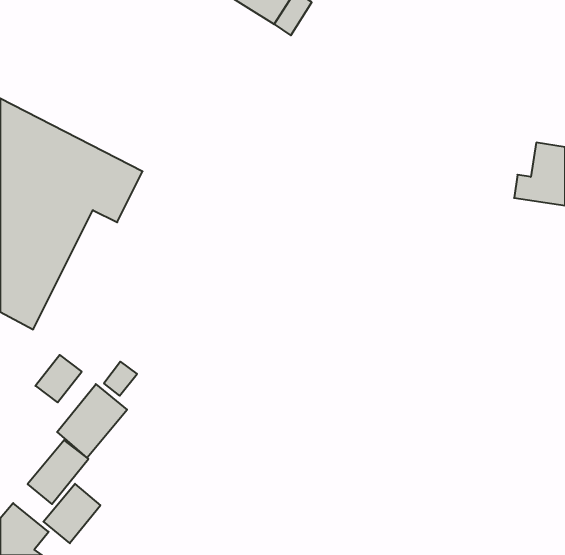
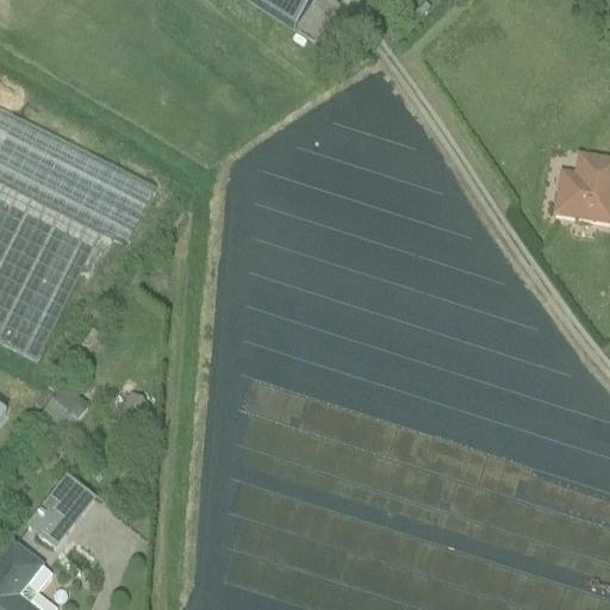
building: [57,384,127,458] -> none
building: [43,484,100,543] -> none

